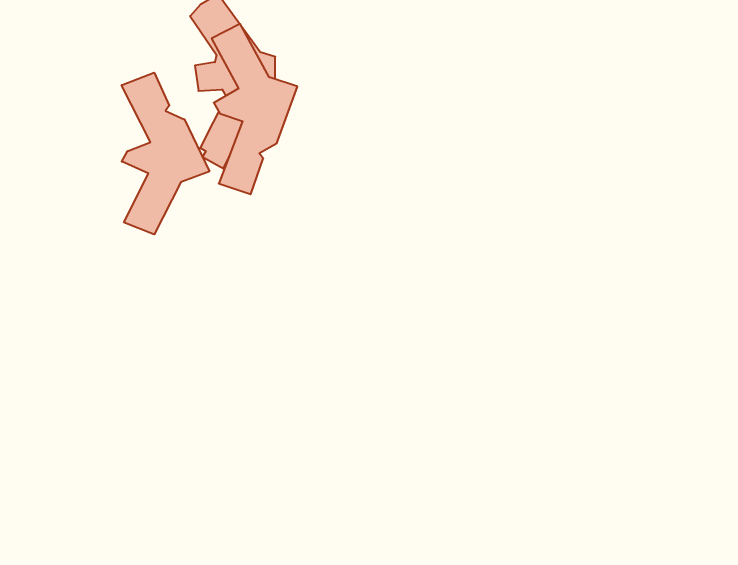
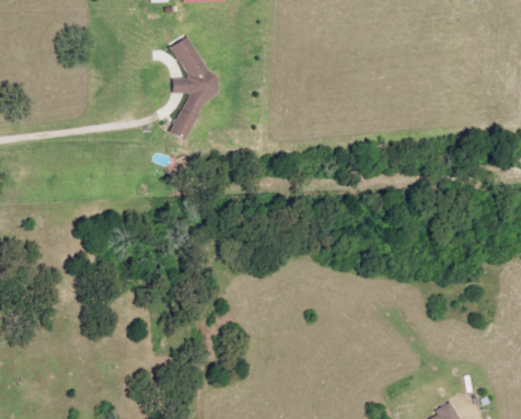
building: [122,73,209,234] -> none

